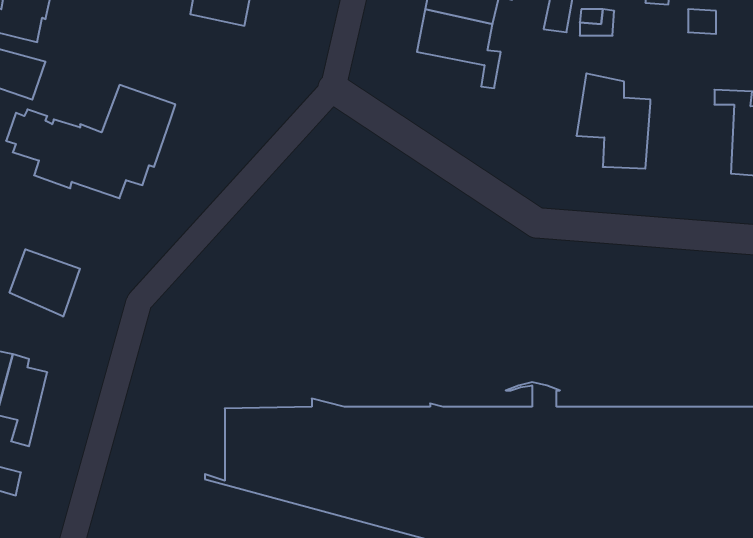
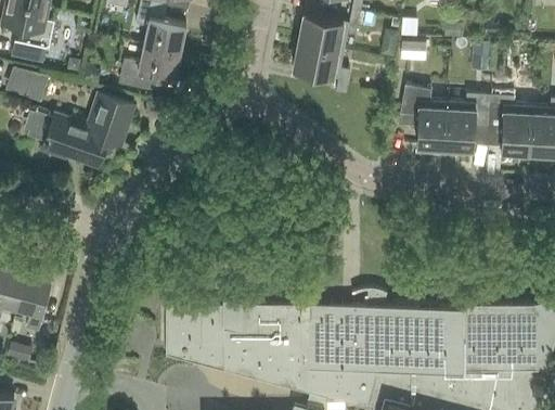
building: none -> [119,46,180,91]
building: none -> [444,93,490,150]
building: [10,249,80,317] -> none

